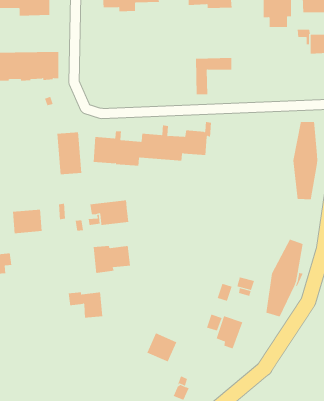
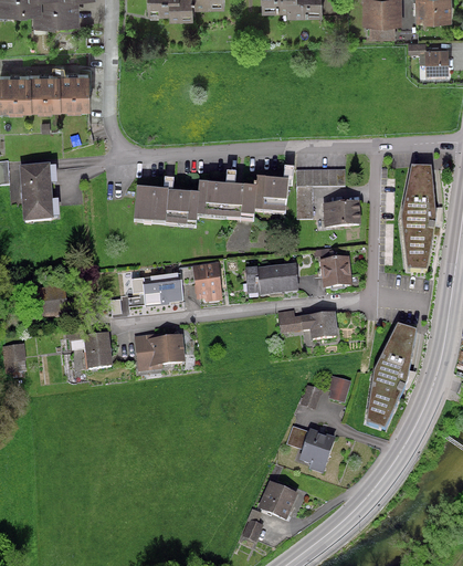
building: [195,58,232,95] -> [295,168,345,218]
building: [57,132,82,175] -> [19,164,53,221]
building: none -> [322,200,360,227]
building: none -> [318,255,351,287]
building: none -> [178,261,222,301]
building: none -> [244,262,298,293]
building: none -> [276,308,338,338]
building: [68,292,103,318] -> [64,331,112,366]
building: [147,332,177,362] -> [256,479,297,518]

